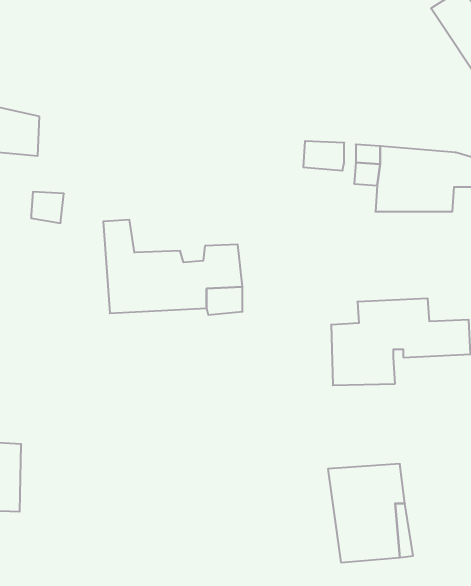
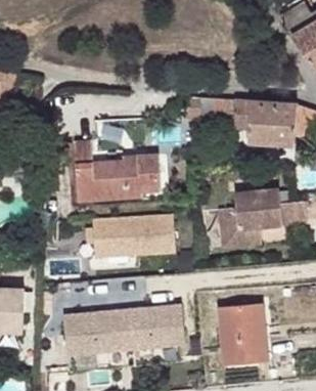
building: none -> [93,222,175,263]
building: none -> [61,299,185,350]

